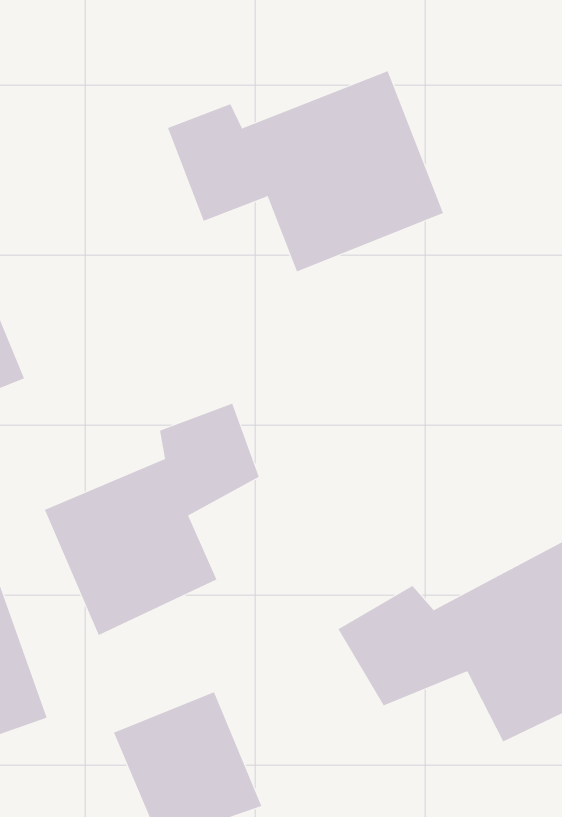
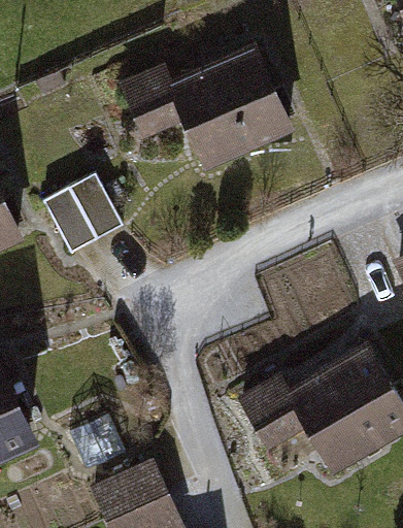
building: none -> [37,160,117,239]
building: [44,403,260,636] -> none

